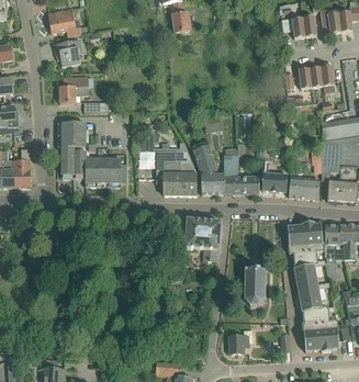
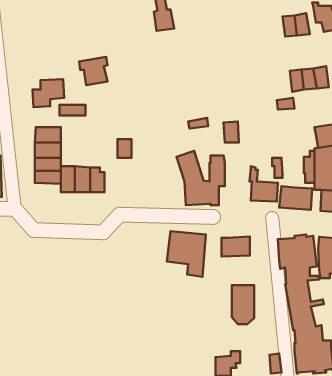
building: [47,9,80,35] -> none
building: [54,40,80,66] -> [79,57,107,85]
building: [155,149,197,195] -> none
building: [232,176,258,194] -> [222,237,250,257]

